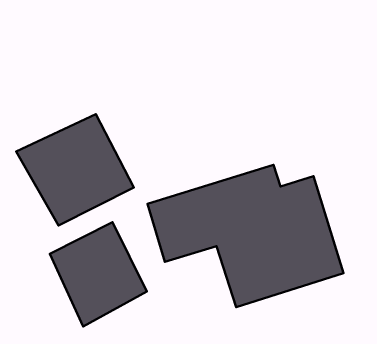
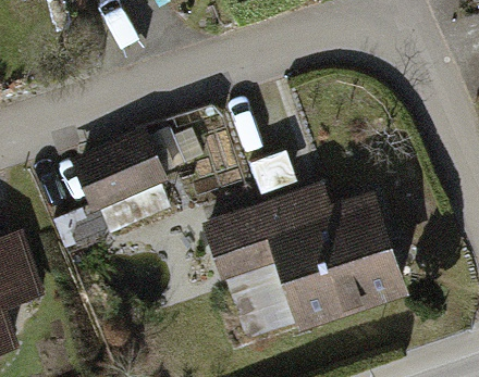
building: [50,222,147,327] -> none

